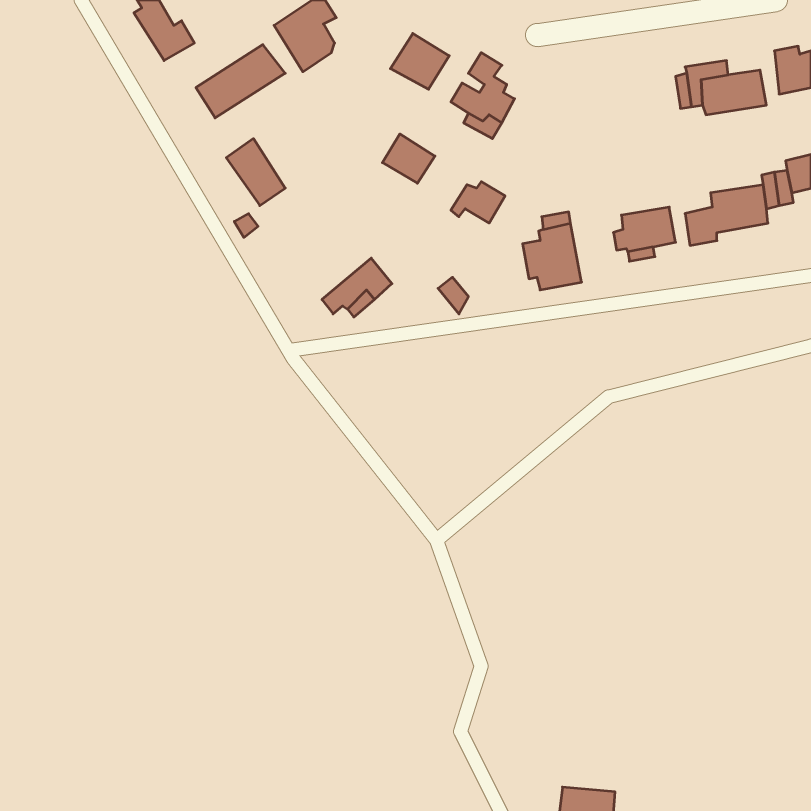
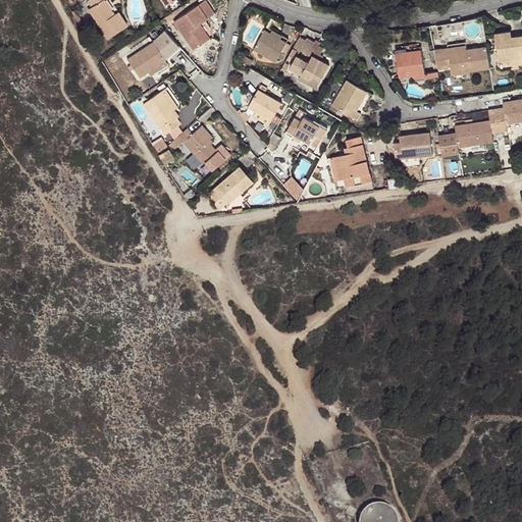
building: none -> [395,51,423,82]
building: none -> [332,79,369,119]
building: none -> [171,124,231,172]

